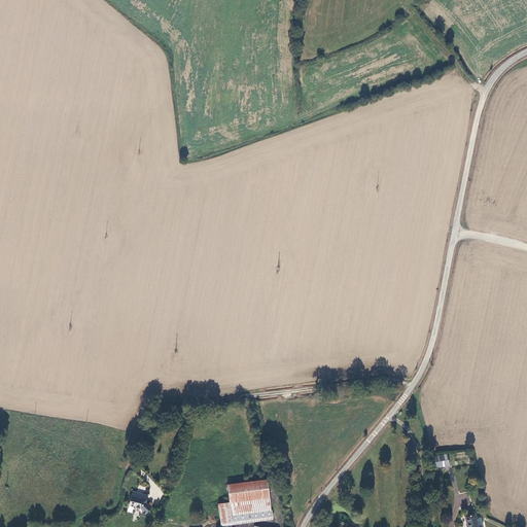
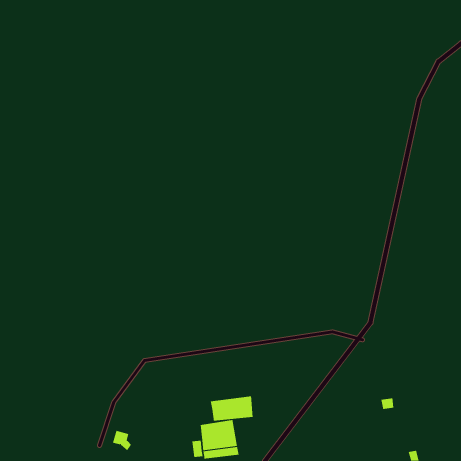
building: none -> [210,395,253,421]

